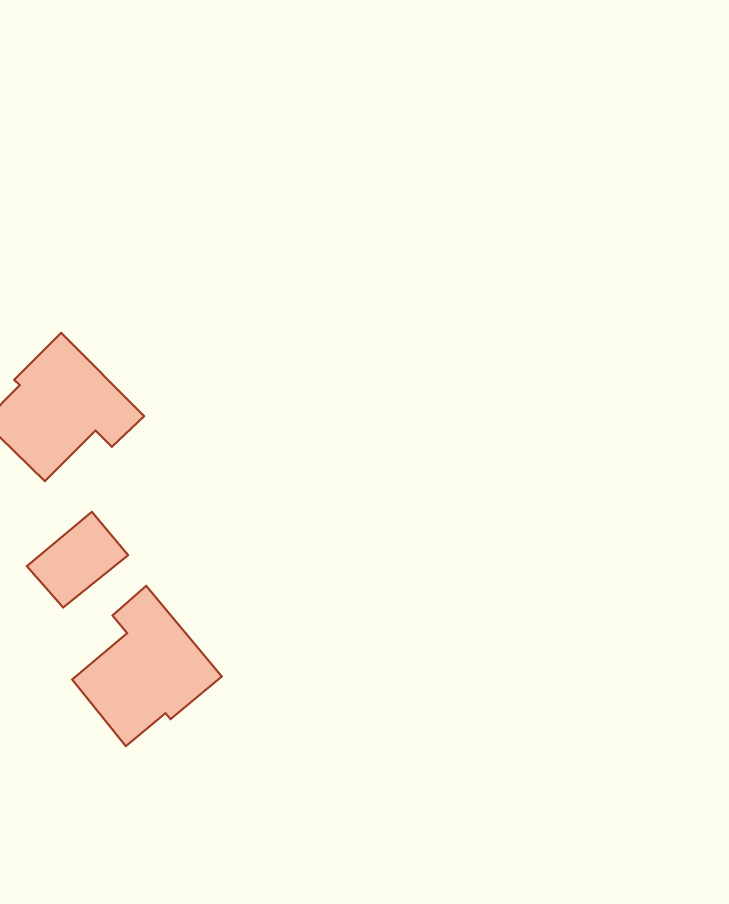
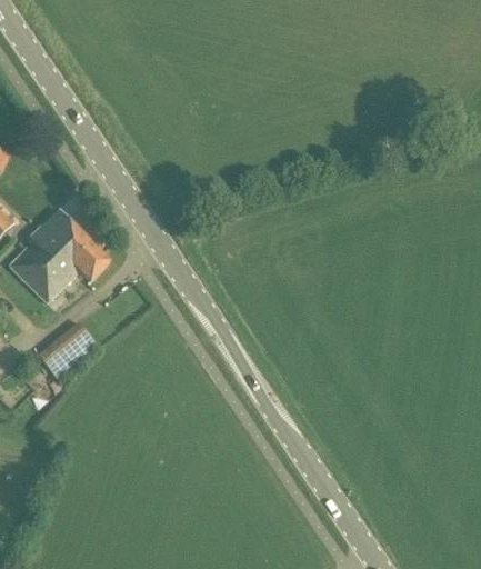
building: [72,586,222,746] -> none

